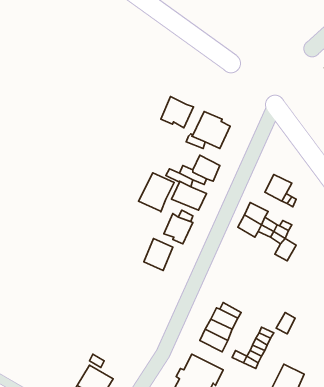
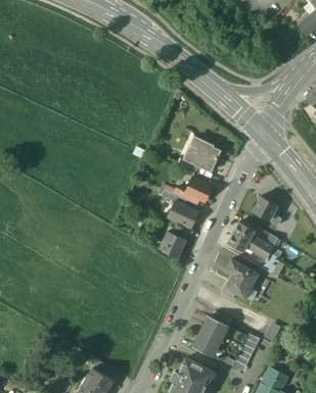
building: [161,96,193,128] -> none
building: [138,173,174,212] -> none
building: [144,239,173,270] -> none
building: none -> [225,259,258,297]

